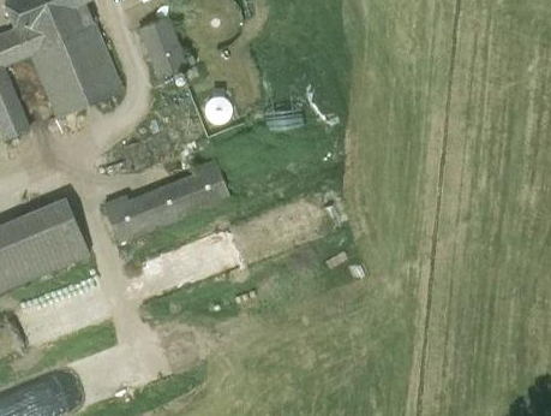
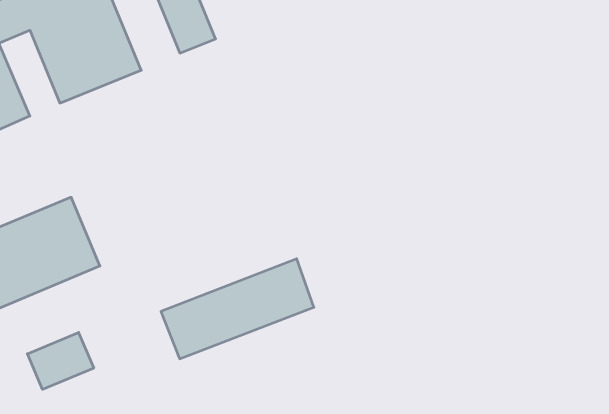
building: [102,159,230,243] -> [161,259,314,359]
building: none -> [27,332,94,389]

